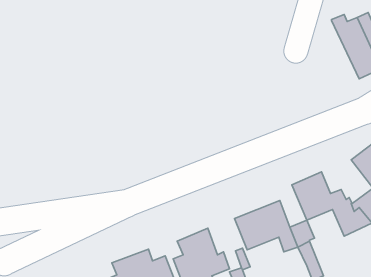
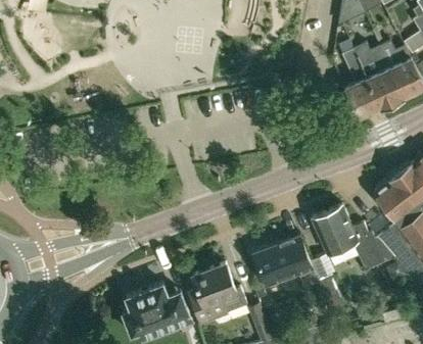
building: none -> [341,48,381,118]

